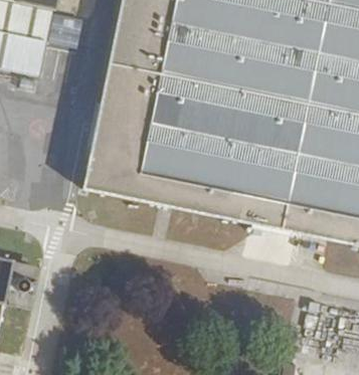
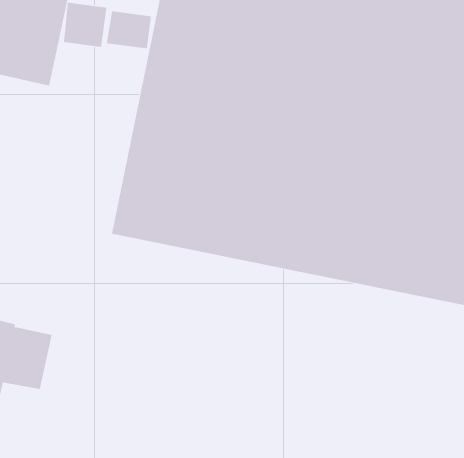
building: none -> [106,11,152,49]

